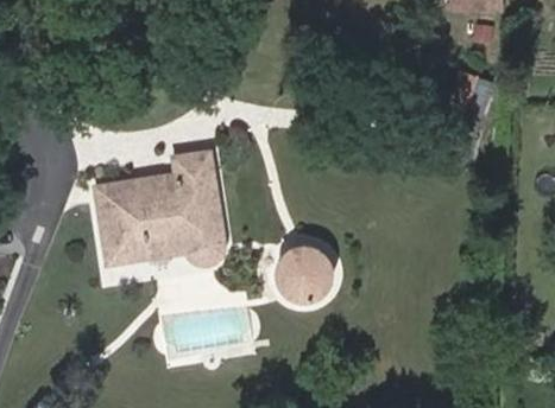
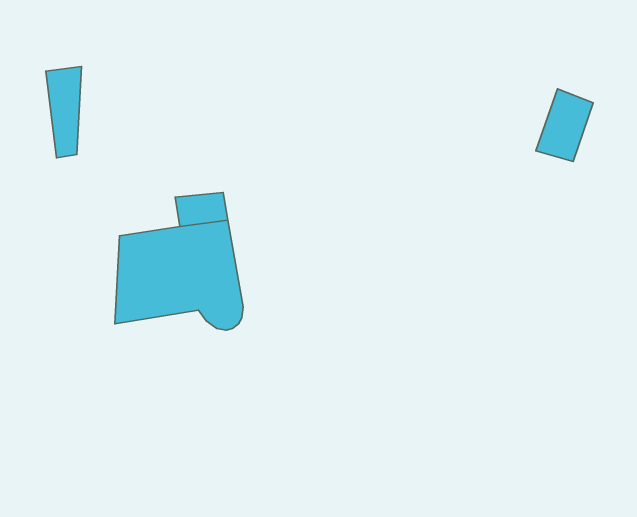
building: [97,190,125,260] -> [46,66,81,158]
building: [276,246,334,306] -> none

